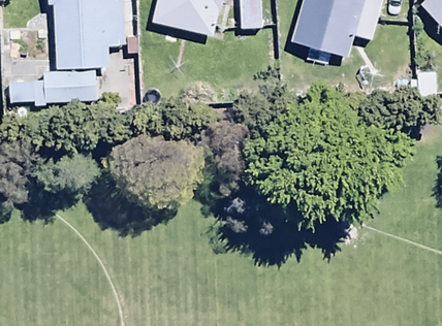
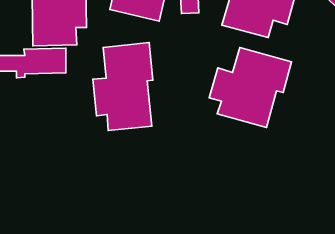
building: none -> [93,43,153,130]
building: none -> [209,47,292,128]

